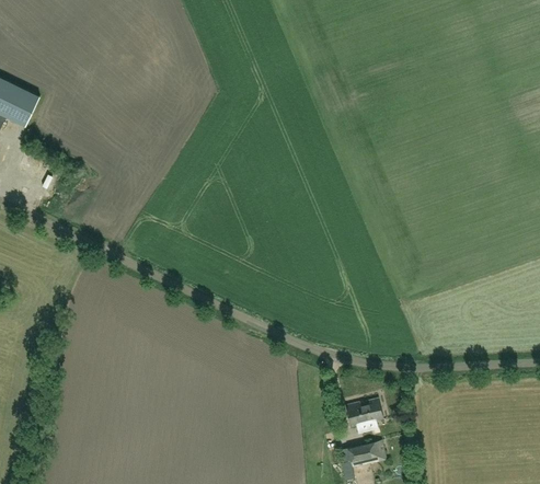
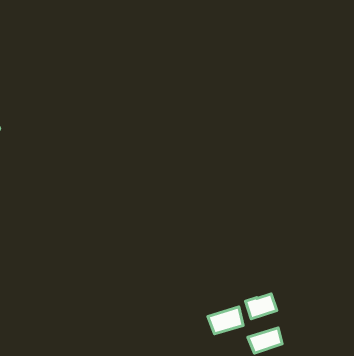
building: none -> [208,307,243,334]

